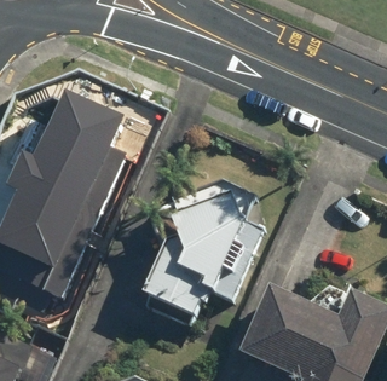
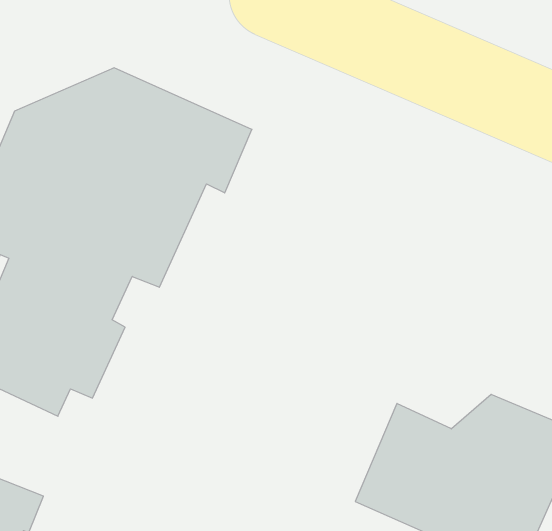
building: [140,181,258,323] -> none

